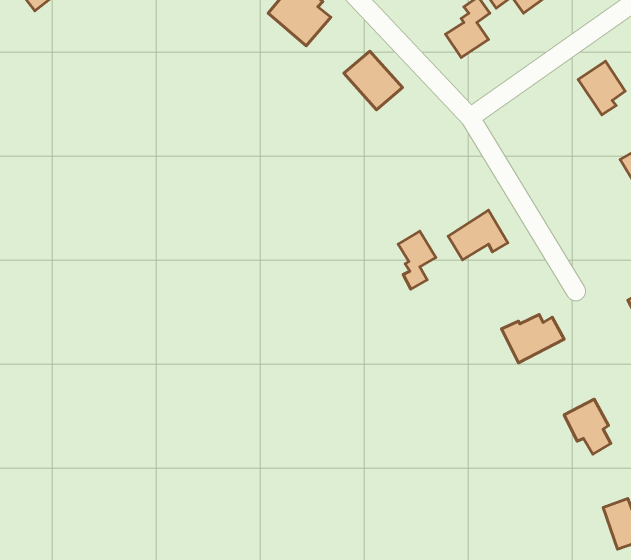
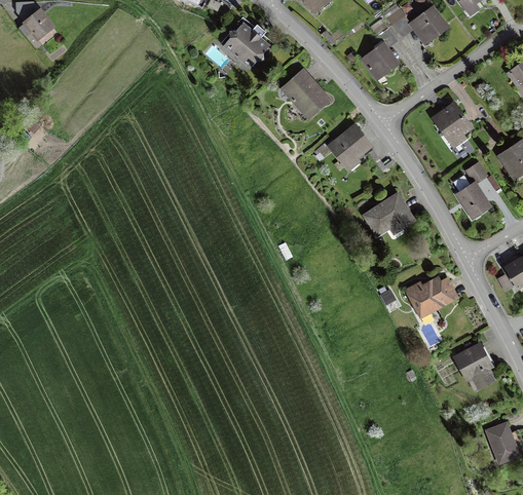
building: [578,61,625,115] -> [434,104,471,146]
building: none -> [332,127,370,167]
building: none -> [456,163,490,218]
building: [398,231,436,289] -> none

